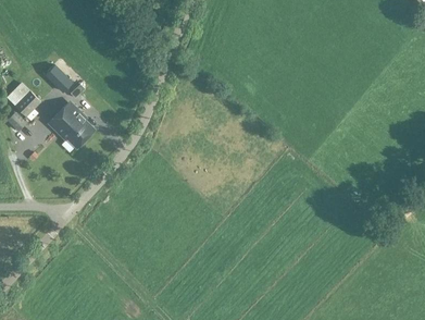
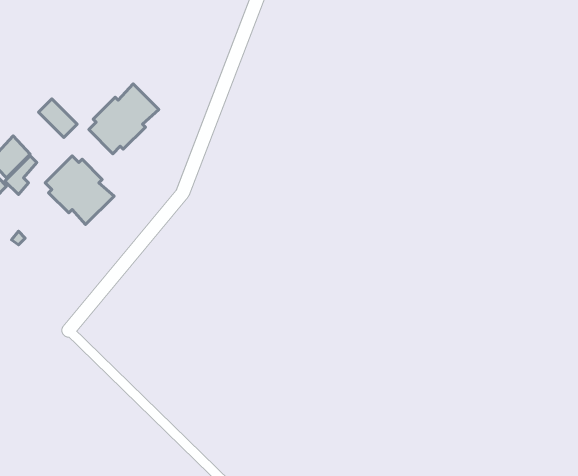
building: none -> [89,84,159,154]

